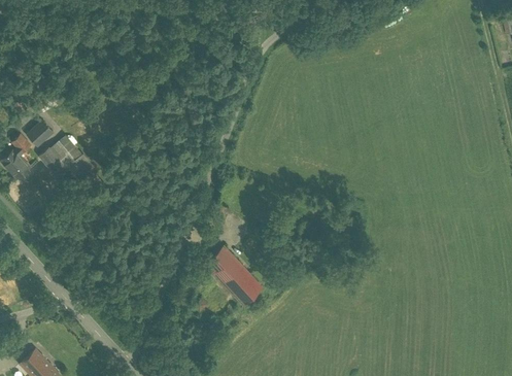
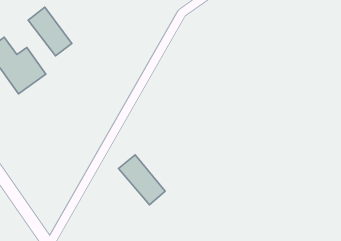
building: none -> [28,7,72,56]

